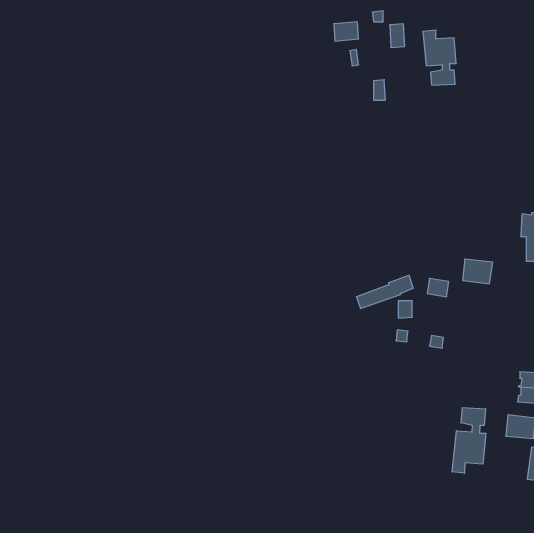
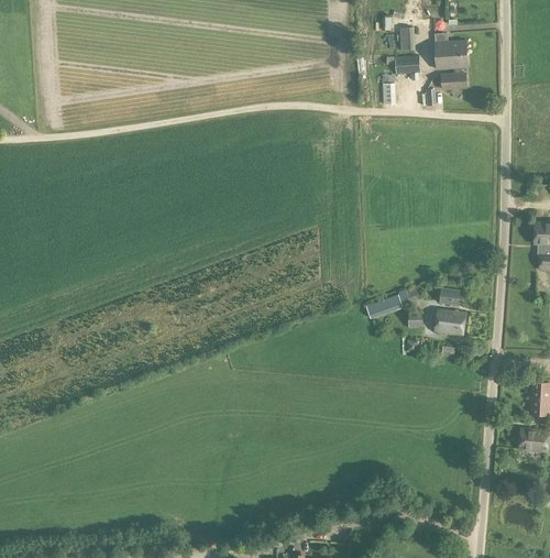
building: [334,22,359,41] -> [395,54,420,74]
building: [463,259,493,284] -> [435,308,465,333]
building: [452,408,486,473] -> none

